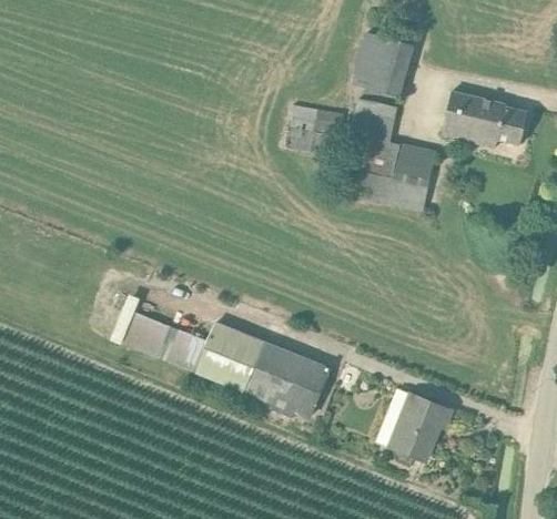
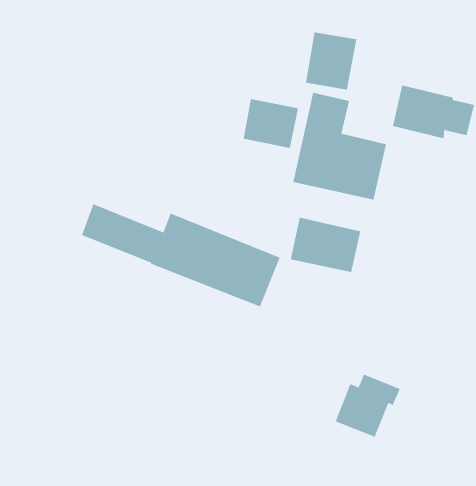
building: none -> [290,217,361,273]
building: [124,311,333,419] -> [81,203,280,307]

